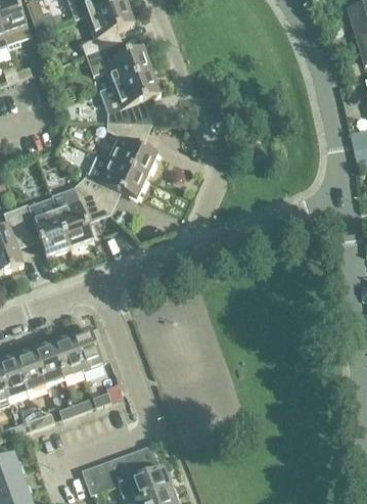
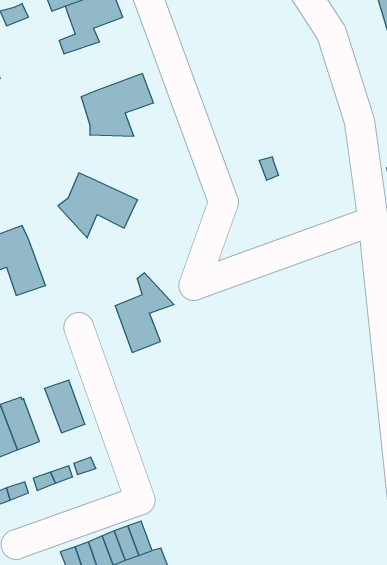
building: [85,45,150,86] -> none
building: [106,123,156,177] -> none
building: [55,182,104,248] -> [115,273,174,352]
building: [51,336,83,378] -> none

